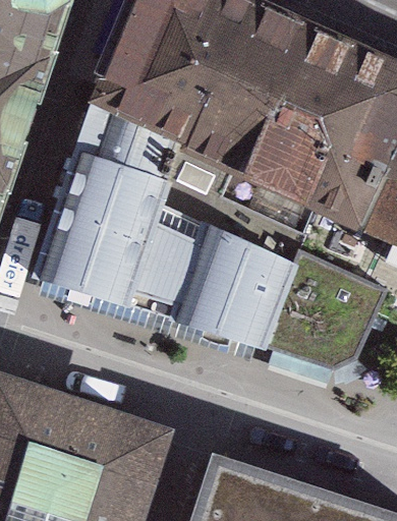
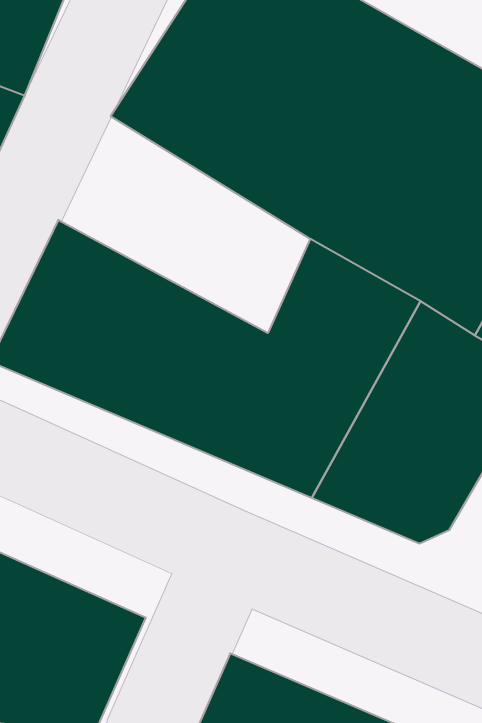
building: [71,103,242,238] -> none

